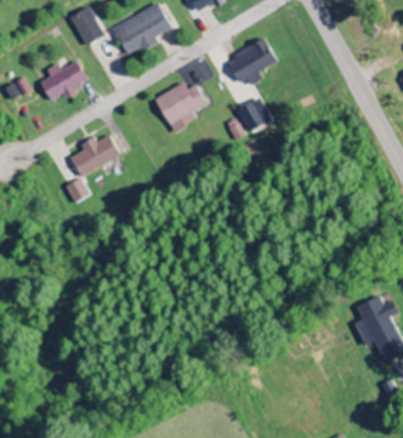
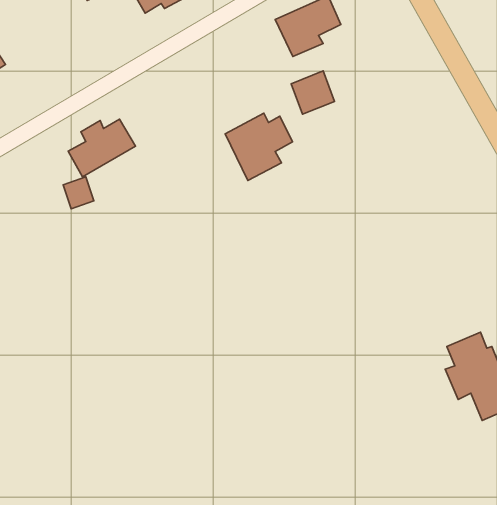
building: [38,59,87,102] -> none
building: [154,81,205,132] -> [225,113,293,180]

